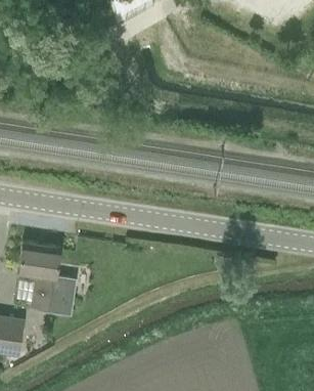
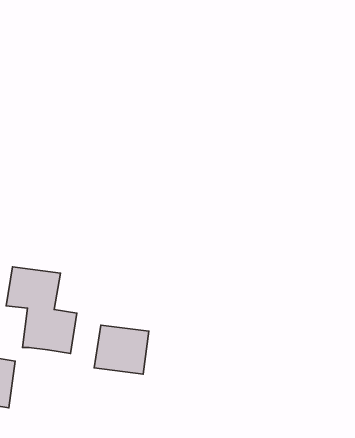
building: none -> [94,325,149,374]

